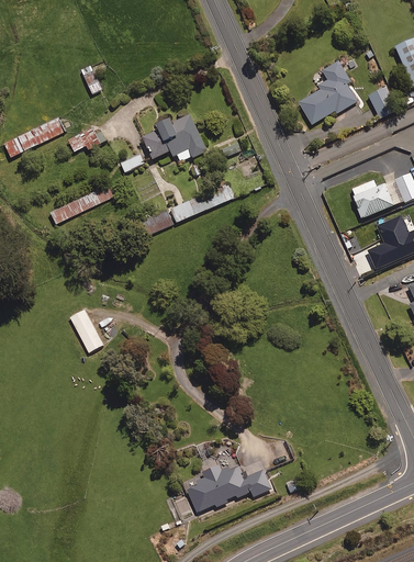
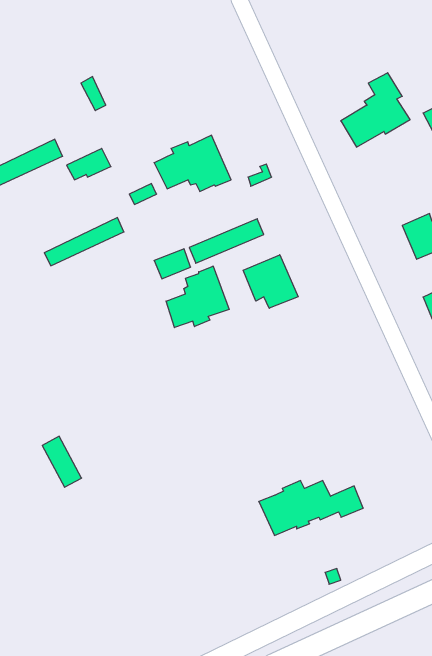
building: none -> [243,255,298,308]
building: none -> [166,266,229,328]
building: [69,310,102,352] -> [42,436,82,487]
building: [183,465,271,512] -> [259,481,363,535]

